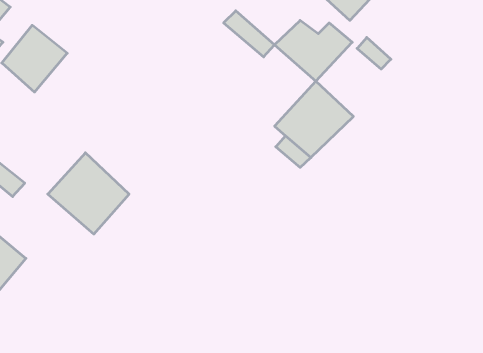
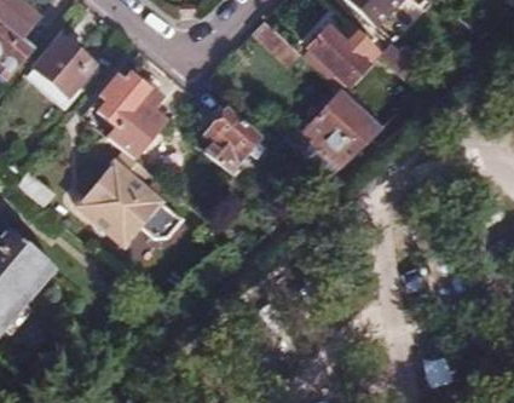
building: none -> [100,73,168,157]
building: none -> [202,106,259,171]

